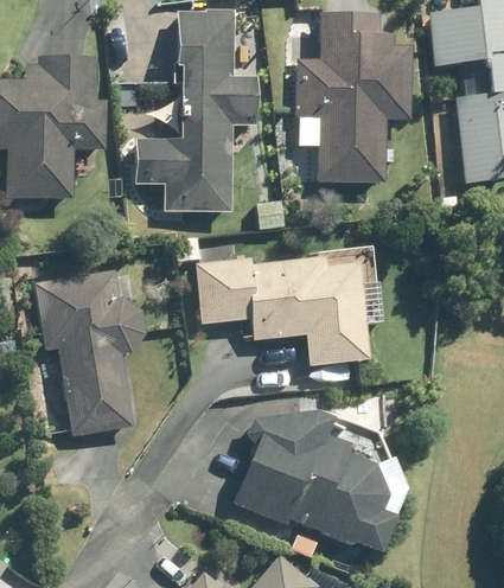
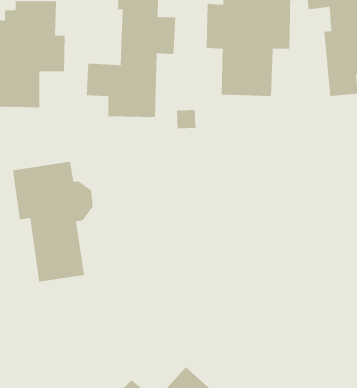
building: [196,257,368,368] -> none
building: [211,400,381,543] -> none

